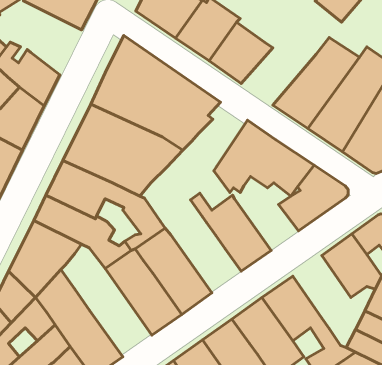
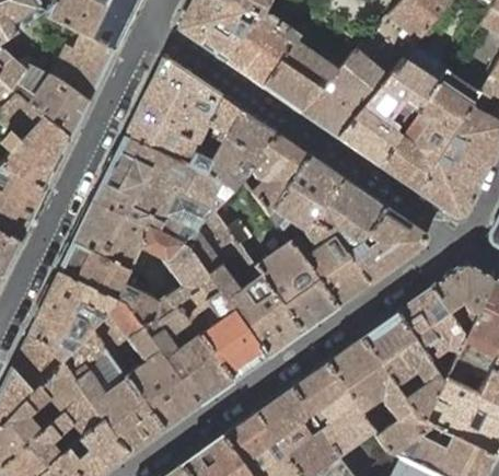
building: none -> [55,32,114,103]
building: none -> [300,51,387,138]
building: none -> [251,135,307,214]
building: none -> [182,210,300,357]
building: none -> [292,221,367,307]
building: none -> [90,300,196,431]
building: none -> [360,313,442,420]

